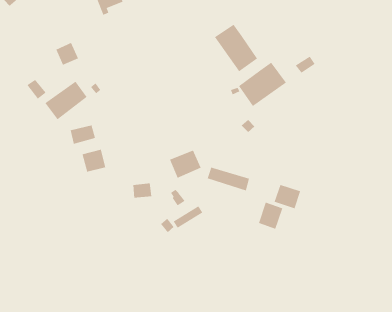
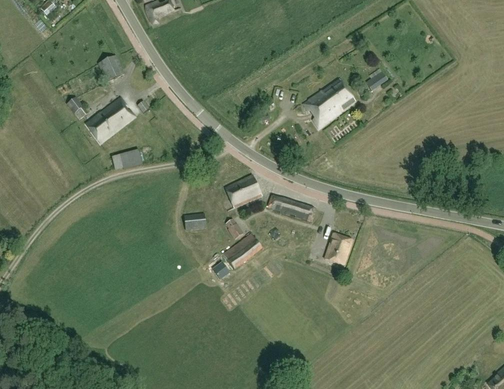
building: [214,24,258,72] -> none
building: [82,149,106,172] -> none
building: [274,184,301,209] -> none

